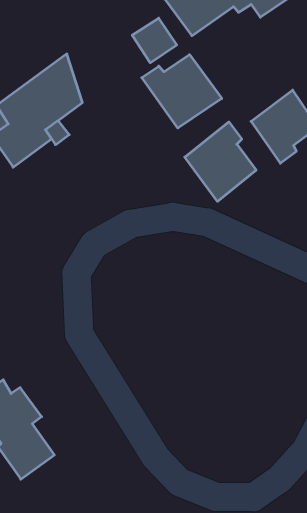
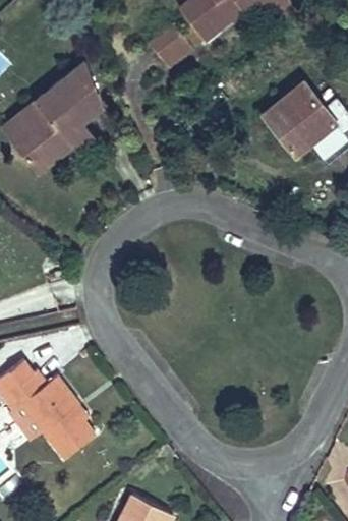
building: [142,55,222,128] -> none
building: [185,122,256,201] -> none

